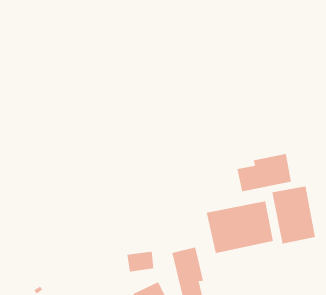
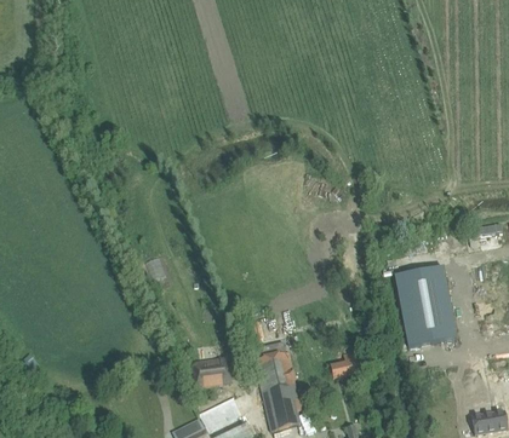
building: [237,153,292,192] -> none
building: [206,200,273,254] -> none

